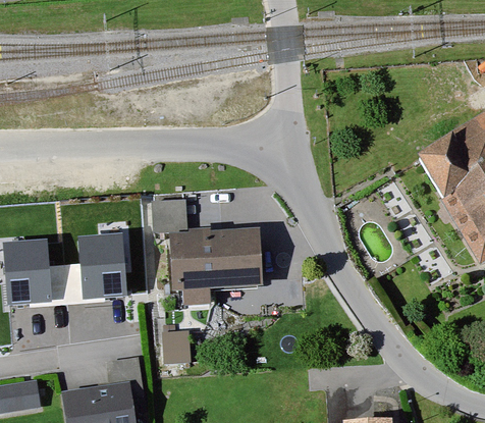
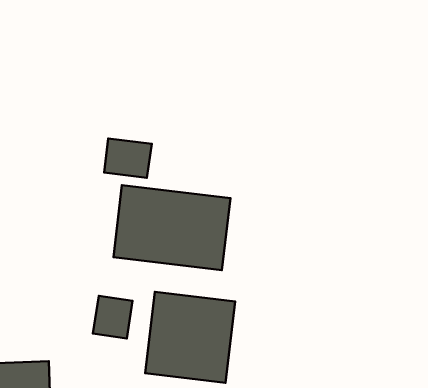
building: [77,230,127,297] -> none
building: none -> [145,292,235,383]

